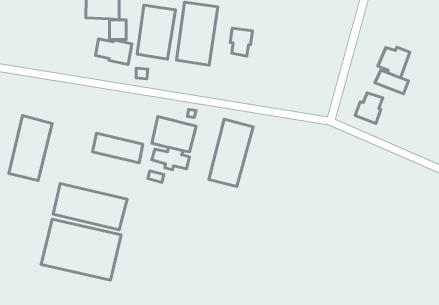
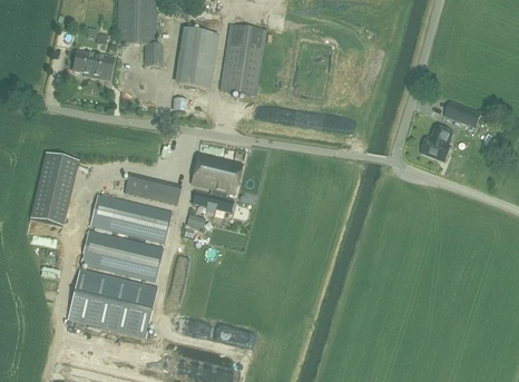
building: [230,28,253,56] -> none
building: [95,39,132,64] -> [72,51,114,80]
building: [378,47,410,78] -> none
building: [209,119,253,187] -> none
building: none -> [89,194,172,242]

